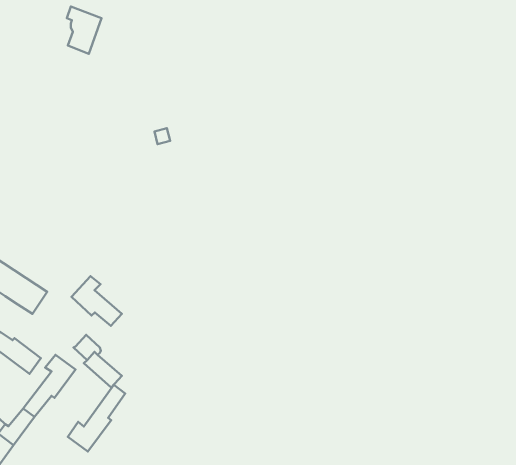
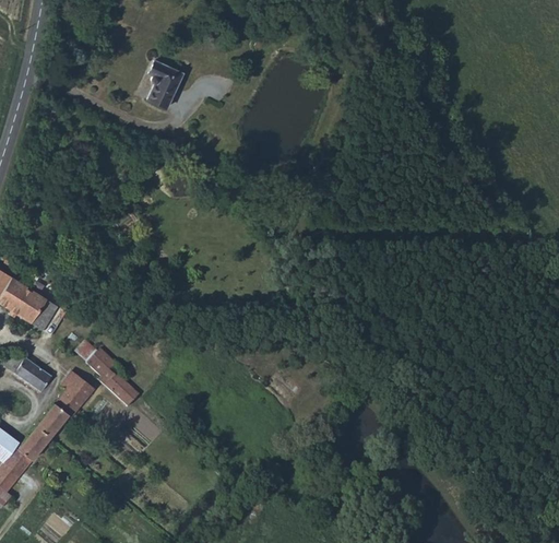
building: [67,7,101,54] -> [145,57,181,106]
building: [71,276,122,326] -> none
building: [68,385,125,452] -> none

